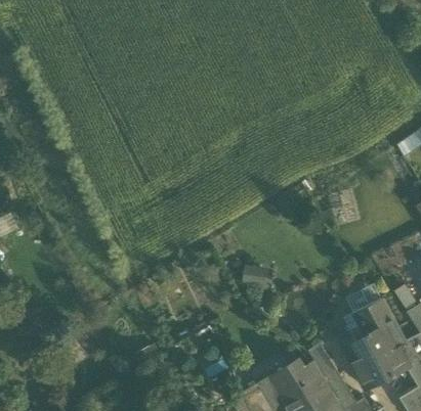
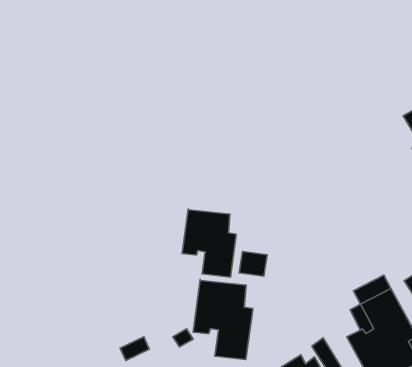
building: none -> [182,209,236,277]
building: none -> [193,280,253,360]

